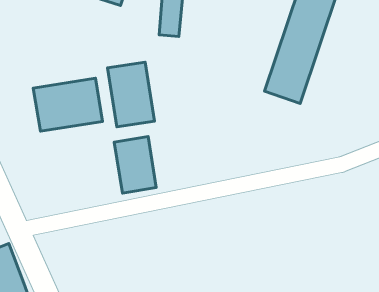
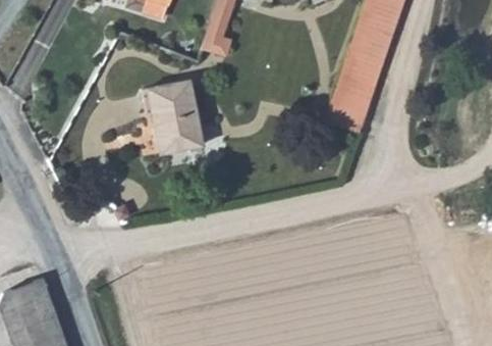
building: [33,78,103,131] -> none
building: [114,137,156,193] -> none

